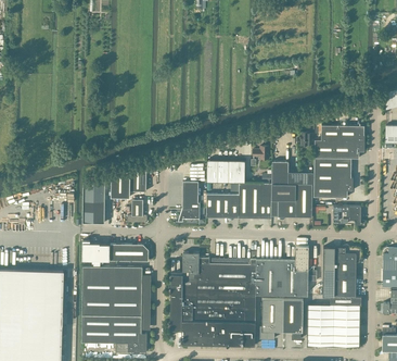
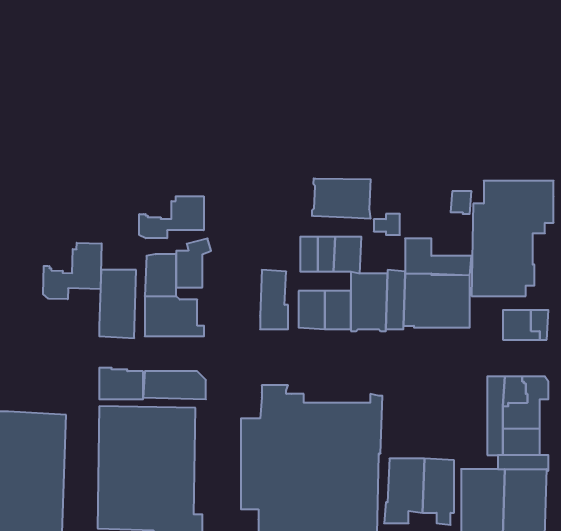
building: none -> [312,178,371,219]
building: none -> [139,196,204,238]
building: none -> [43,243,102,299]
building: [257,246,317,296] -> none

